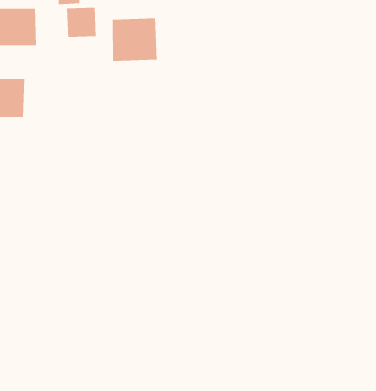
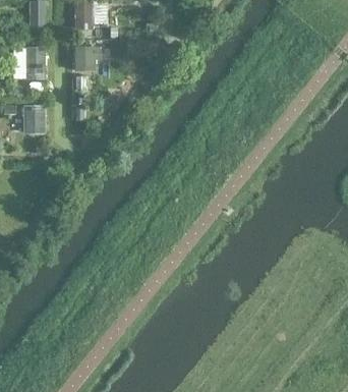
building: [112,17,157,62] -> none

